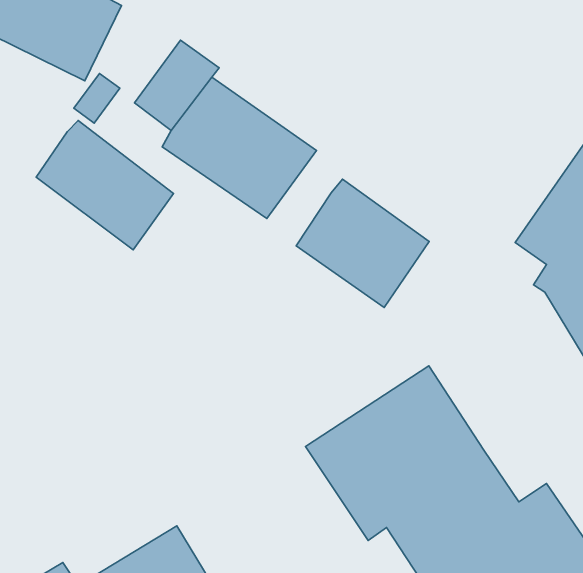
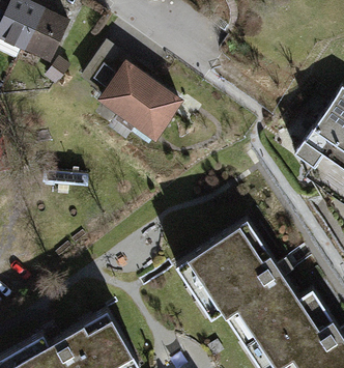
building: [36,120,173,250] -> none
building: [296,179,429,308] -> none

